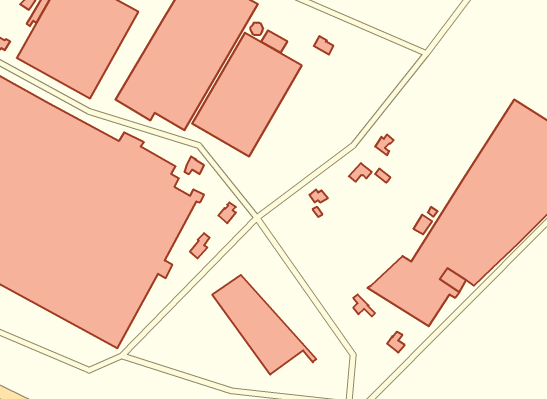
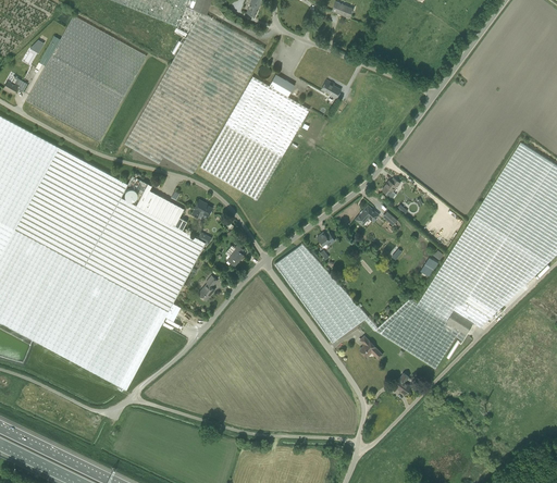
building: [212,275,316,375] -> [274,244,377,343]

